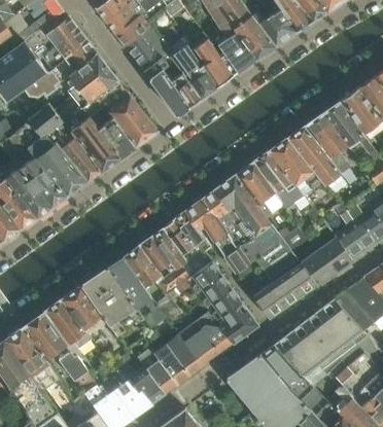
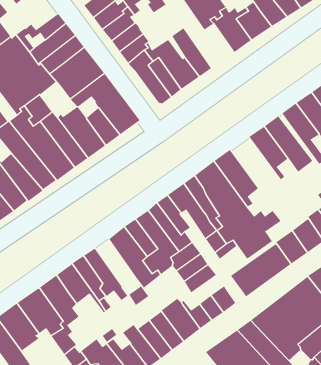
building: [218,28,256,71] -> none
building: [252,148,306,209] -> none
building: [108,257,151,309] -> none

